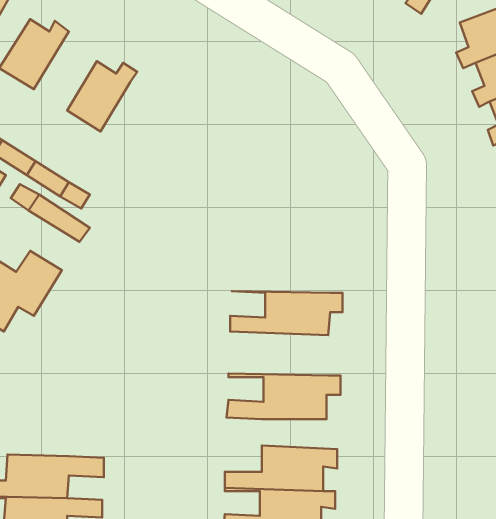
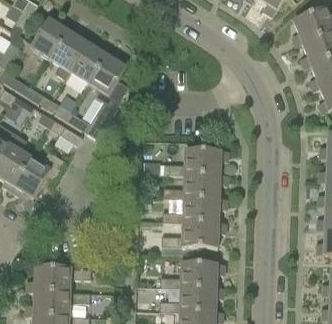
building: none -> [50,25,86,77]
building: none -> [88,48,128,121]
building: none -> [163,149,227,174]
building: none -> [161,196,226,221]

